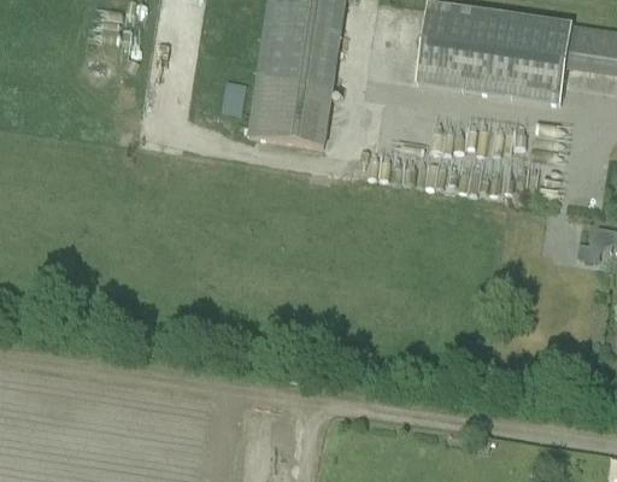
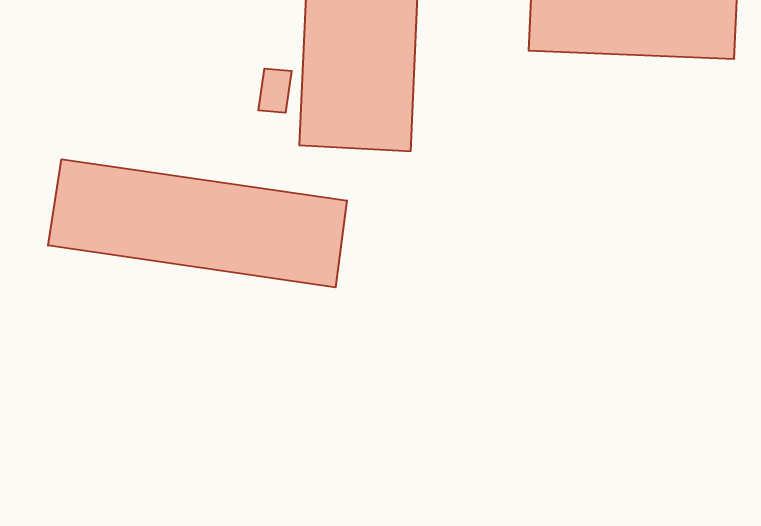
building: none -> [48,159,347,287]

